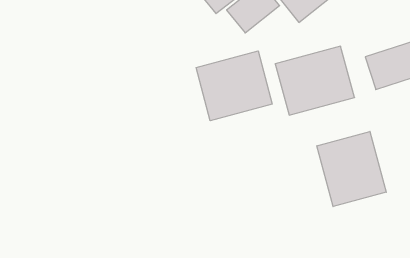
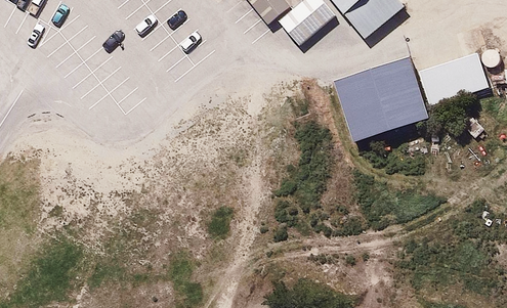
building: [196,51,272,121] -> none
building: [317,131,386,207] -> none

